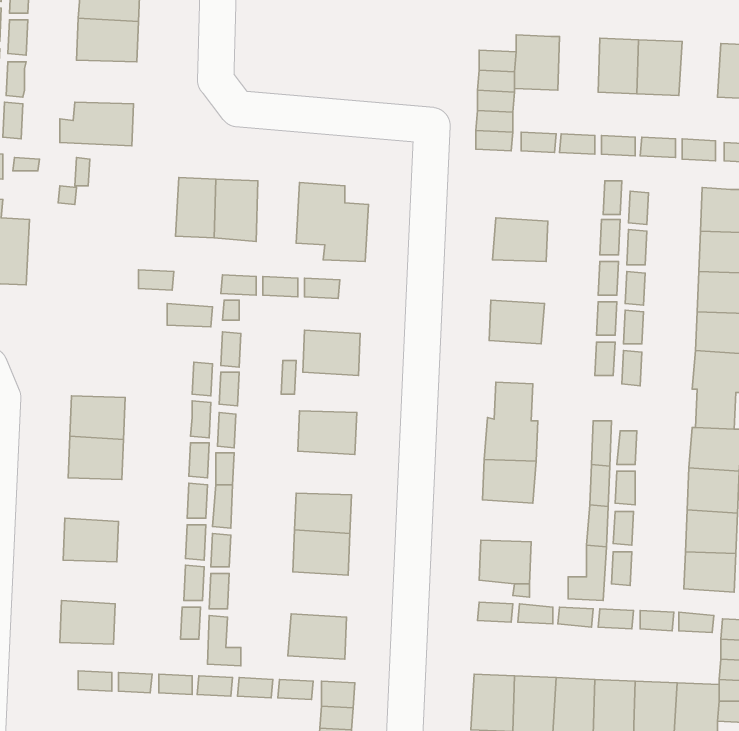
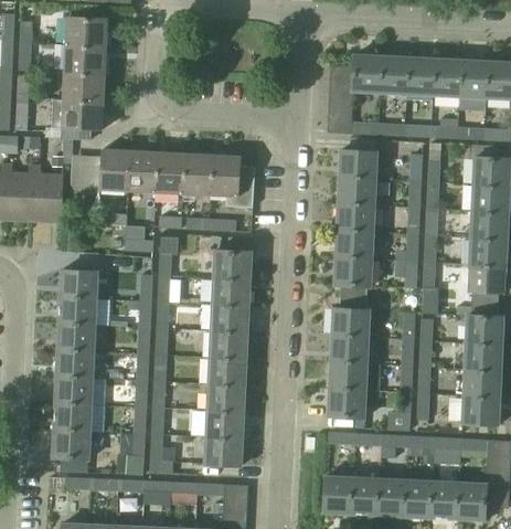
building: none -> [381,59,408,95]
building: none -> [460,62,488,98]
building: none -> [63,74,104,103]
building: none -> [82,150,131,194]
building: none -> [340,152,375,180]
building: none -> [182,154,211,194]
building: none -> [31,167,61,224]
building: none -> [337,205,373,234]
building: none -> [61,254,97,296]
building: none -> [334,258,370,287]
building: none -> [211,279,249,306]
building: none -> [209,331,247,360]
building: none -> [56,349,94,378]
building: none -> [330,363,364,391]
building: none -> [54,403,91,432]
building: none -> [205,411,243,441]

